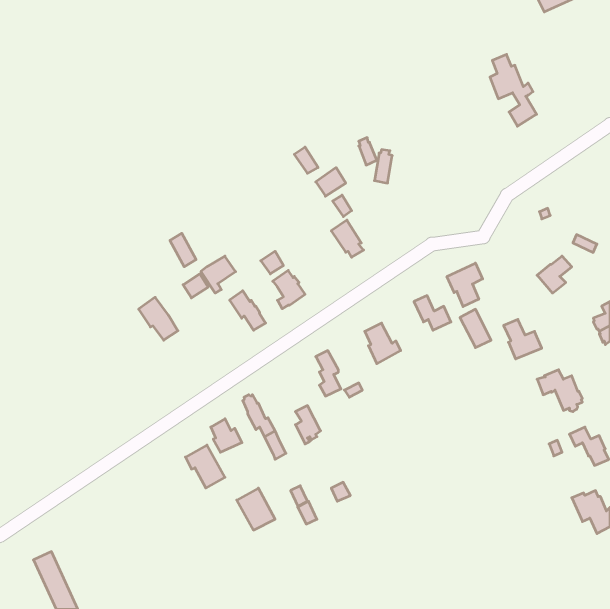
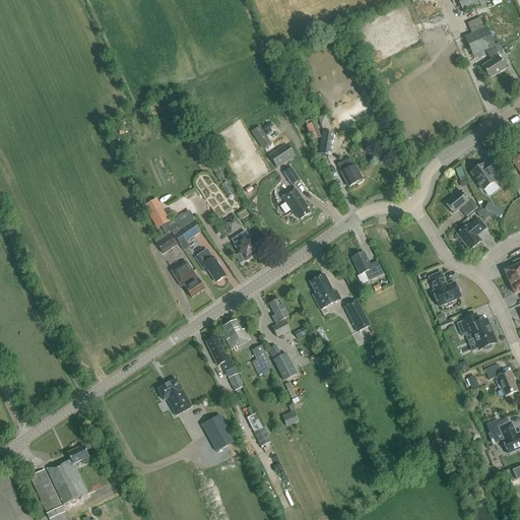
building: [490,54,537,126] -> [465,16,505,77]
building: none -> [336,156,362,186]
building: none -> [470,162,503,189]
building: none -> [444,190,476,215]
building: [447,263,483,307] -> none
building: [139,297,178,340] -> [171,260,204,297]
building: [460,309,491,348] -> [343,299,370,331]
building: none -> [267,343,297,380]
building: [211,419,242,452] -> [223,319,250,347]
building: none -> [46,445,89,503]

